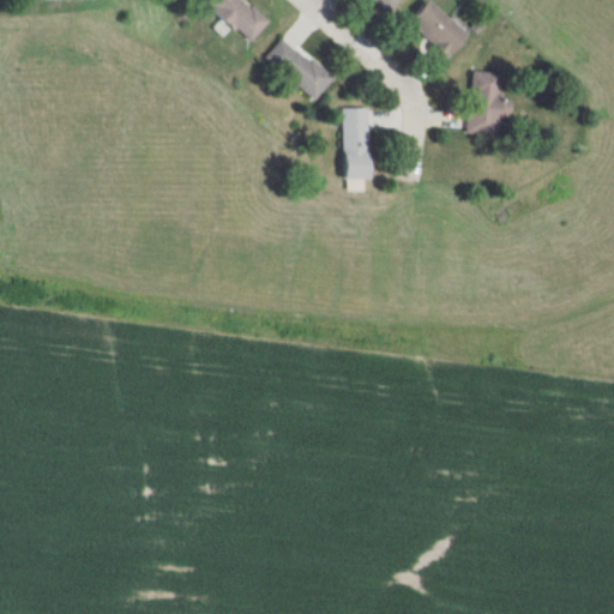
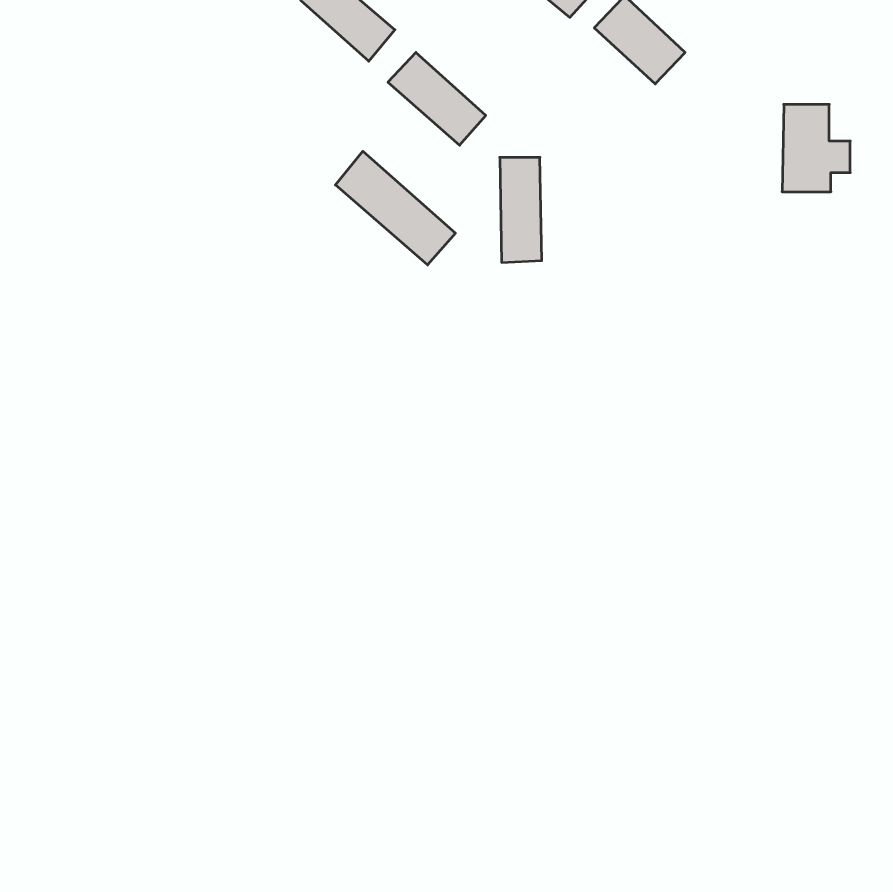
building: [468,72,514,132] -> [782,104,850,192]
building: none -> [335,151,455,265]

